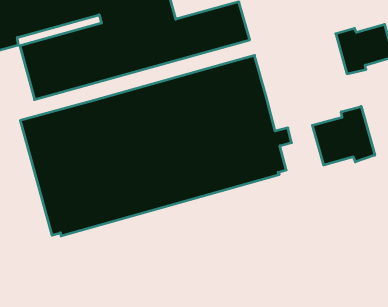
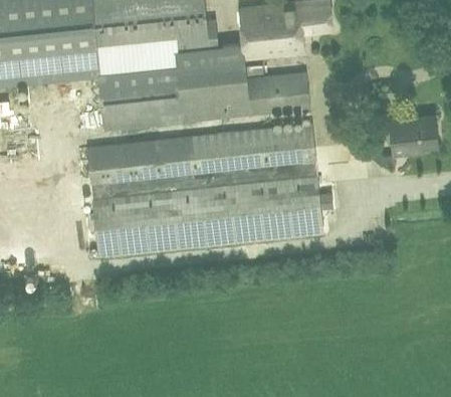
building: [312,106,375,165] -> none

